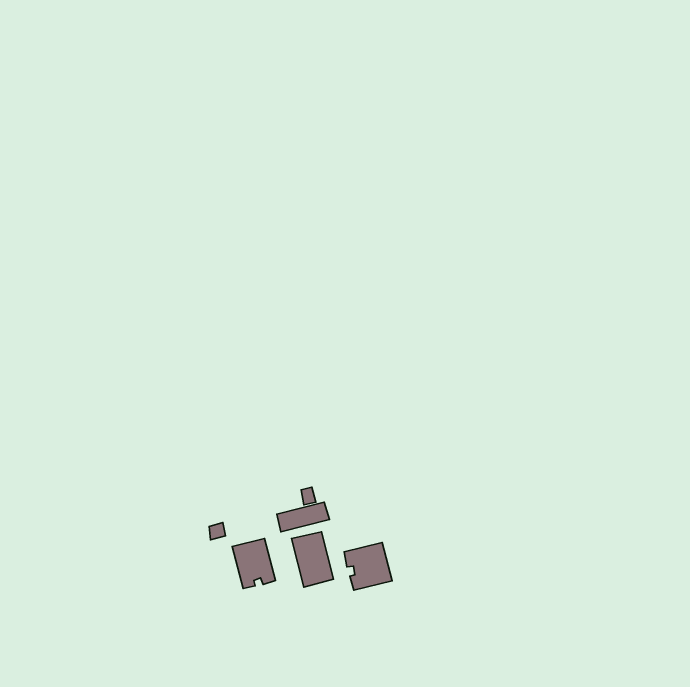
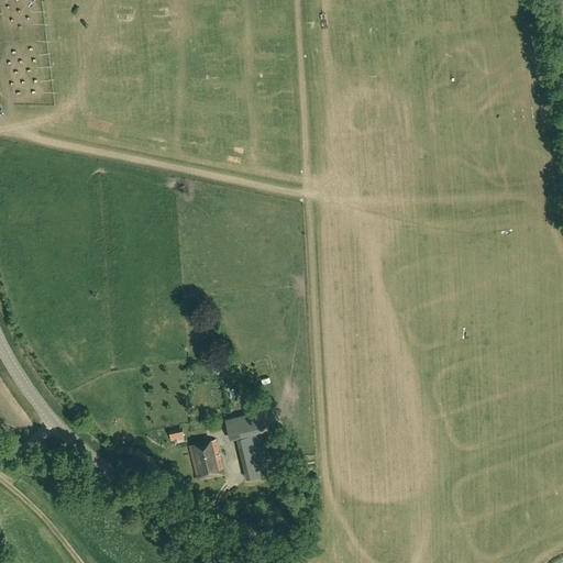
building: [344,542,392,590] -> none

